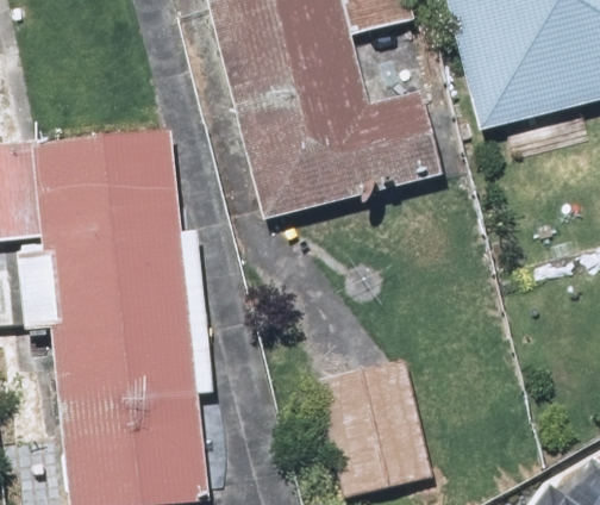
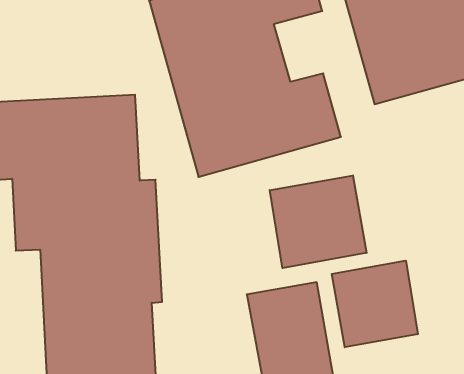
building: none -> [270,175,367,268]
building: none -> [332,261,418,347]

